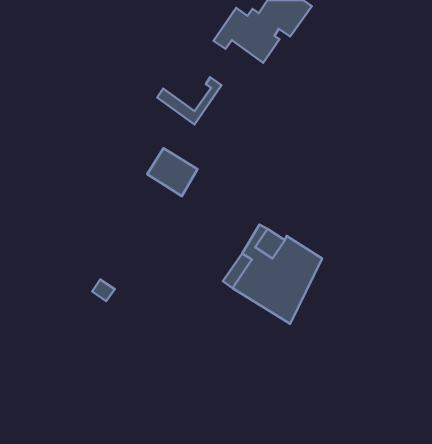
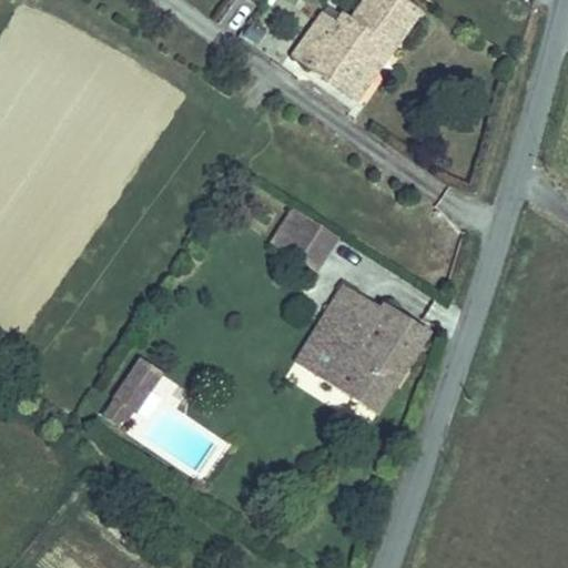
building: [157,77,222,124] -> [304,38,386,98]
building: [147,148,198,196] -> [268,207,333,268]
building: none -> [106,373,152,423]

